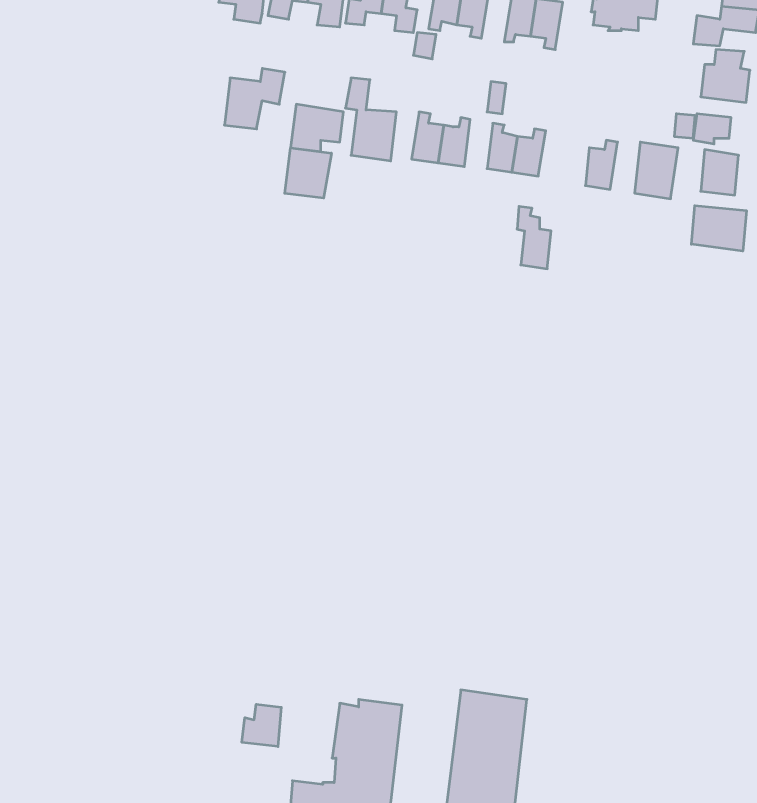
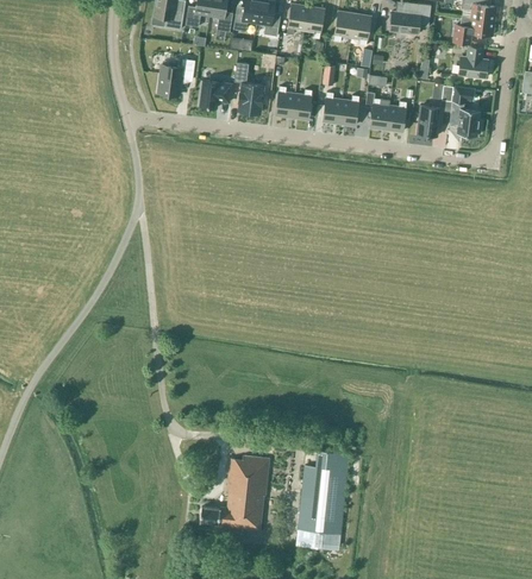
building: [285,148,331,198] -> none
building: [691,206,746,251] -> none
building: [517,206,551,269] -> [365,92,387,131]
building: [242,704,281,747] -> none

